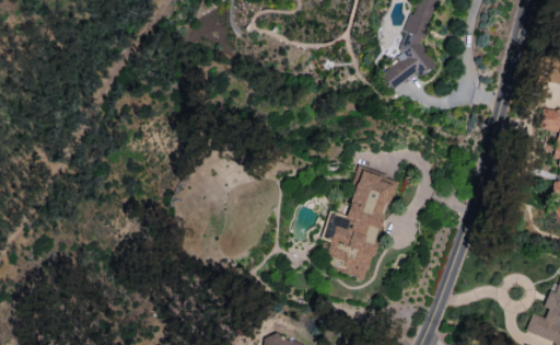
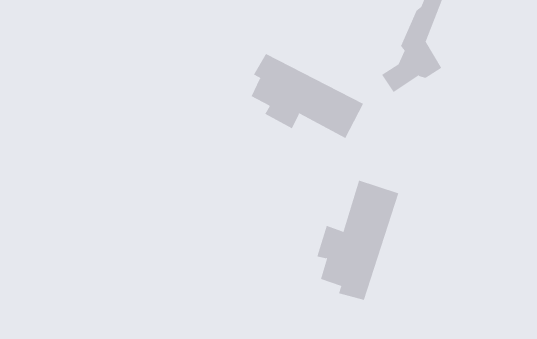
building: none -> [251,53,364,139]

